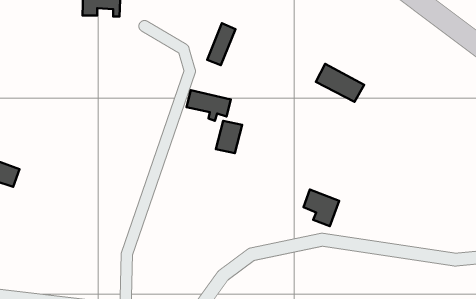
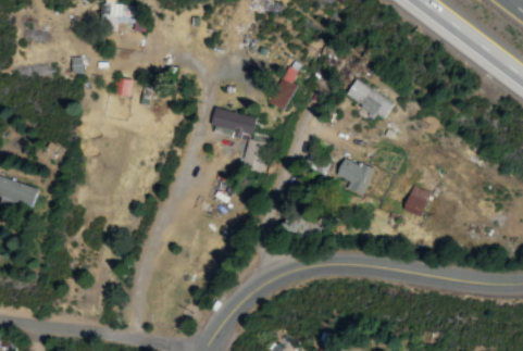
building: [207,23,235,65] -> [271,66,300,110]
building: none -> [403,186,431,216]
building: [304,189,339,226] -> [337,158,374,196]

